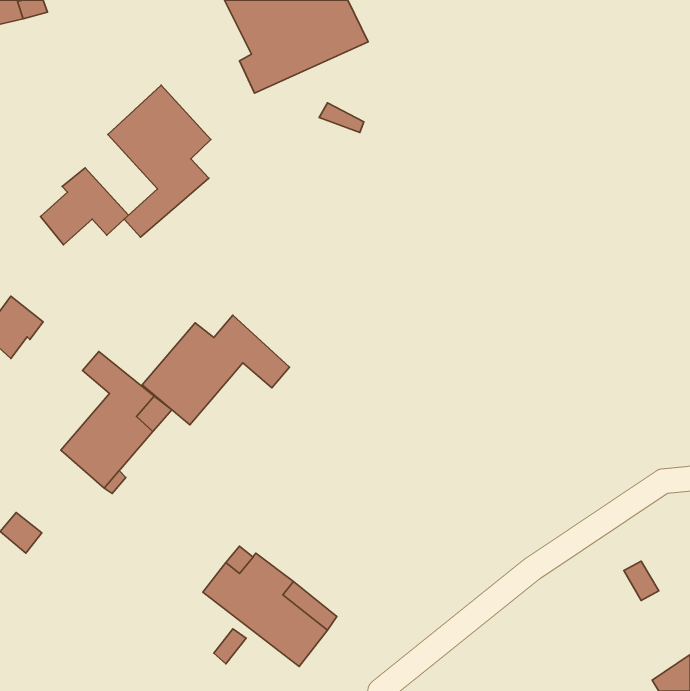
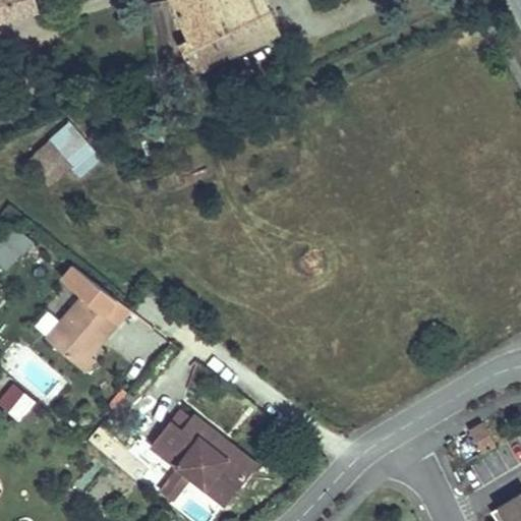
building: [108,85,211,237] -> none
building: [142,315,290,425] -> none

